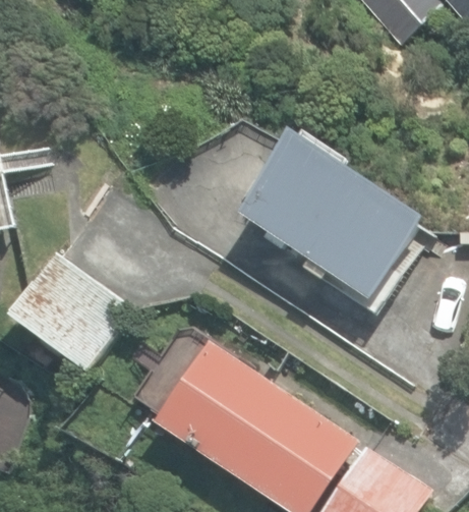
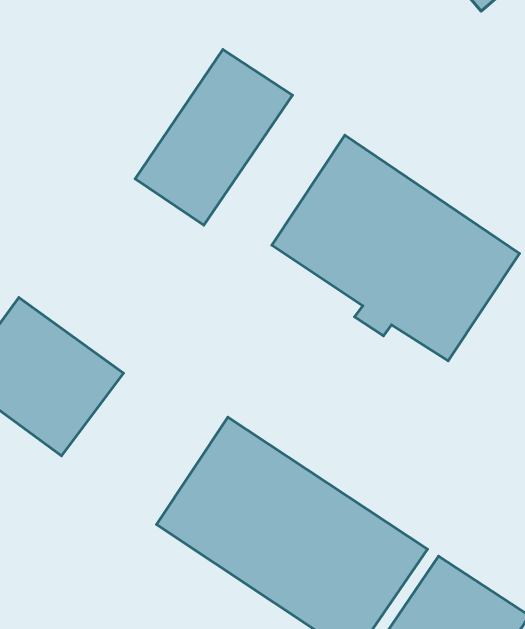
building: none -> [135,50,293,225]

